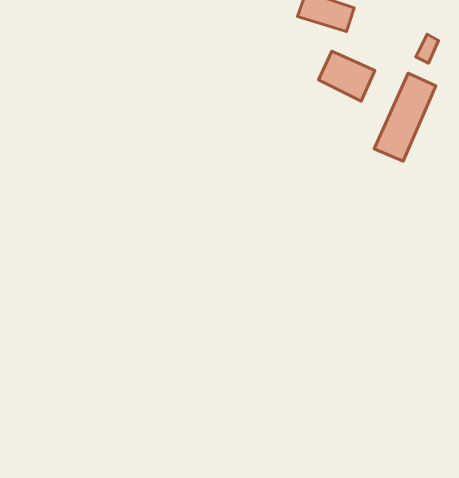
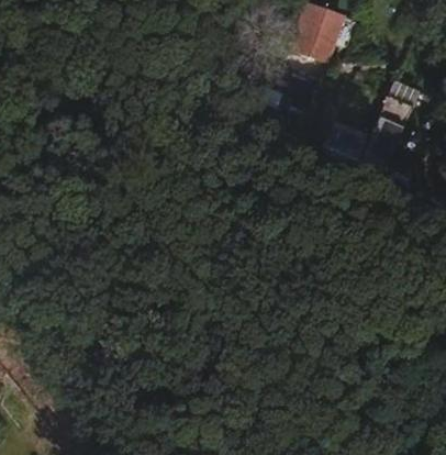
building: [319,51,375,101] -> none

